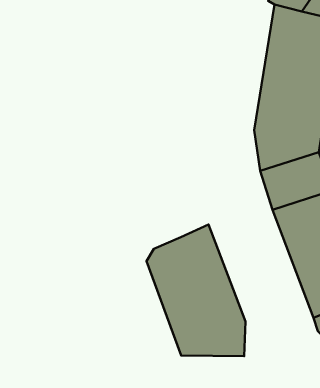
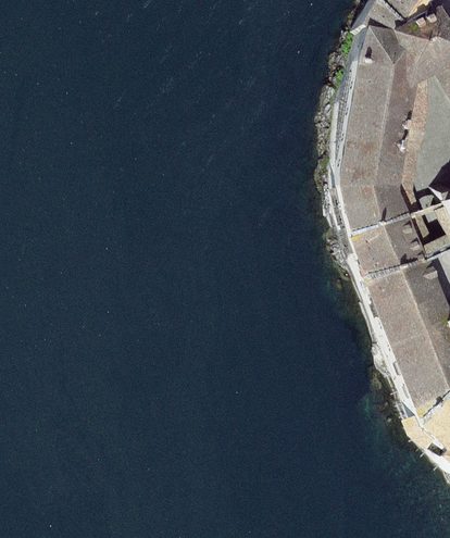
building: [146,225,245,356] -> none

